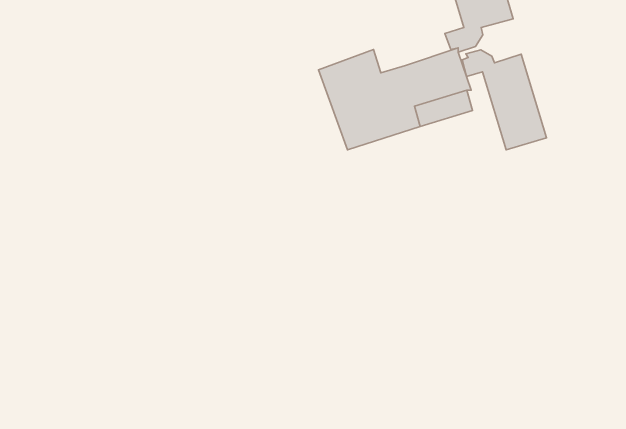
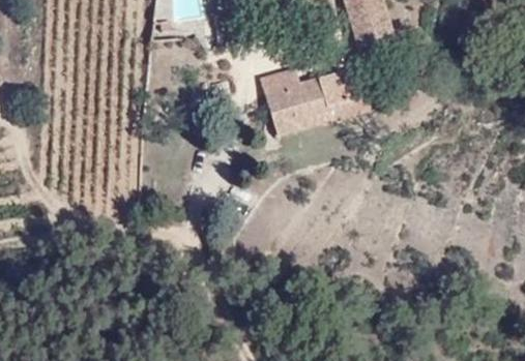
building: [462,50,547,150] -> none

